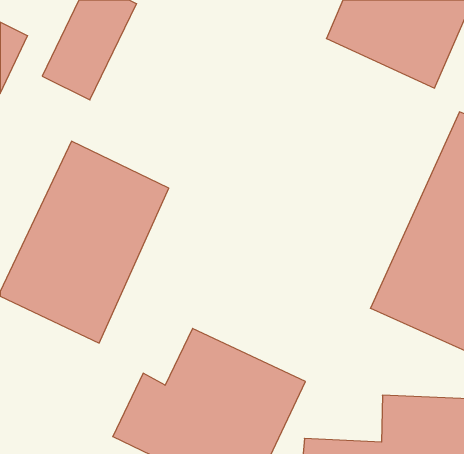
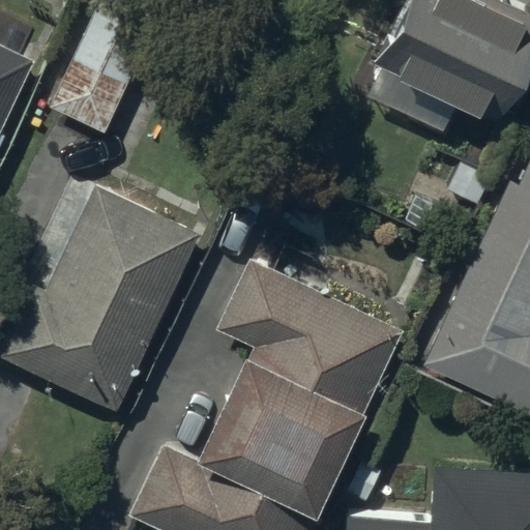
building: none -> [222,256,407,447]

